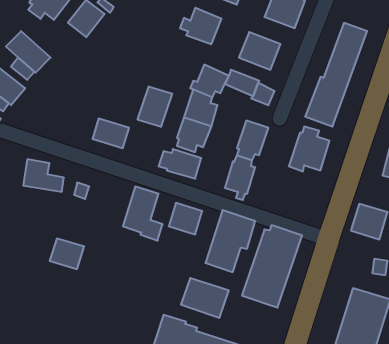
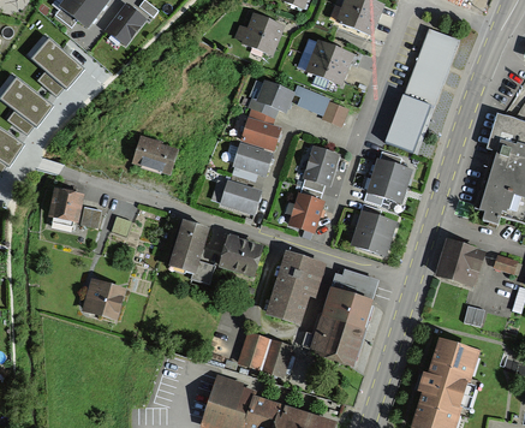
building: [138,86,172,127] -> none
building: none -> [350,203,396,256]

